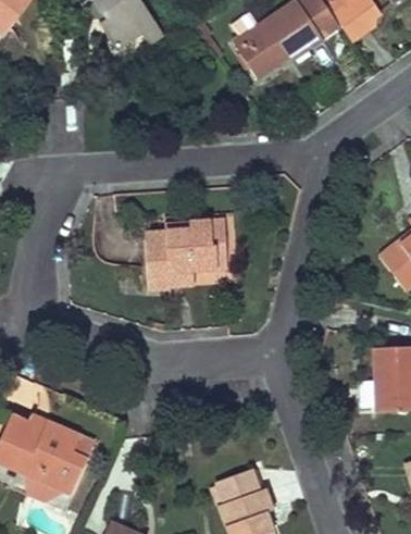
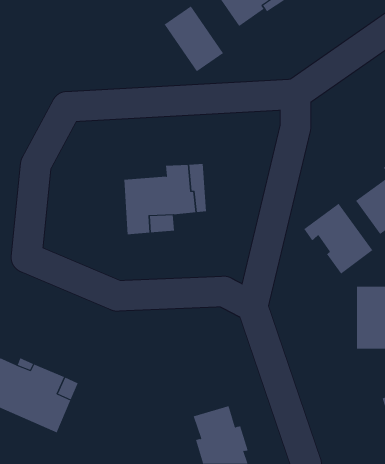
building: none -> [164,6,224,72]
building: none -> [304,203,373,274]

